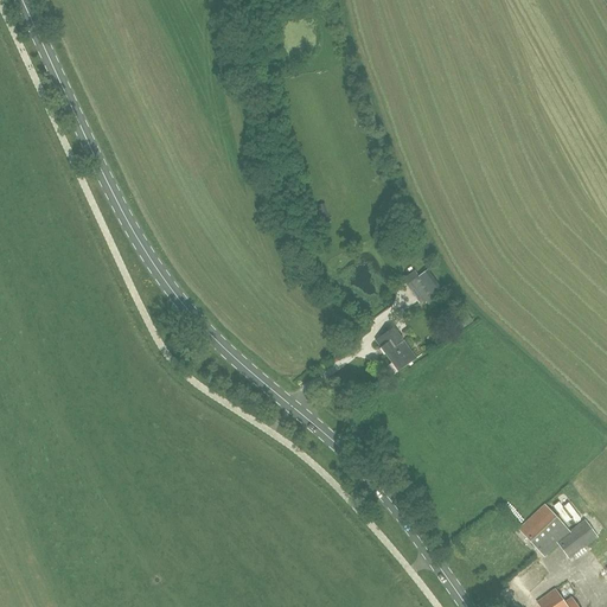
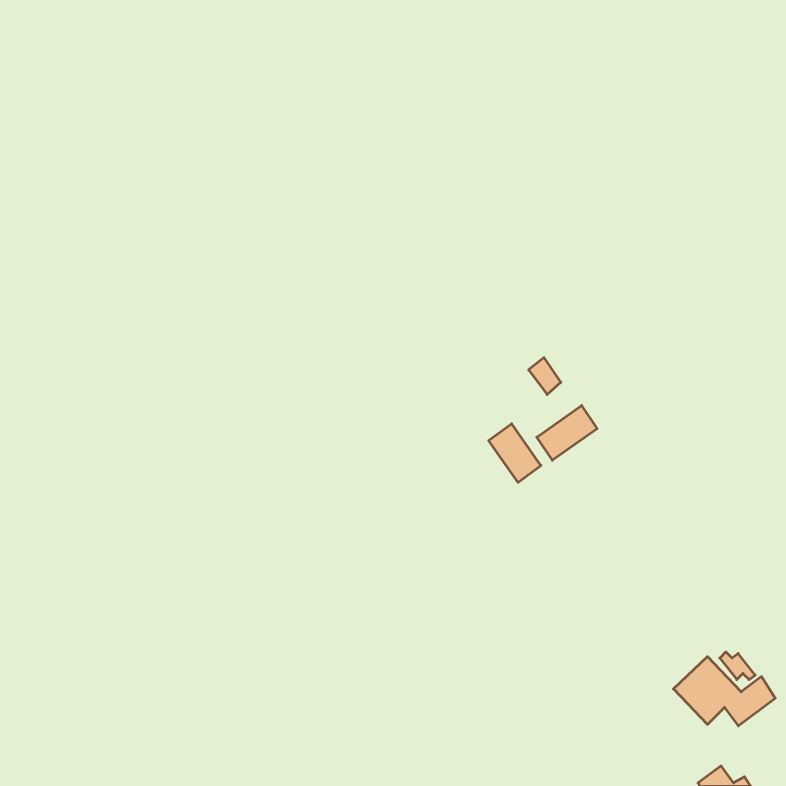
building: none -> [537,405,597,460]

